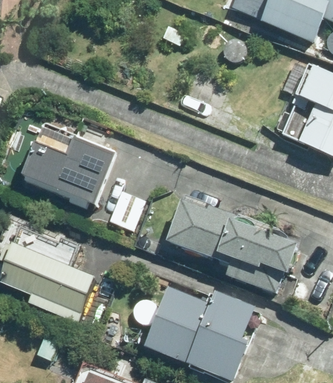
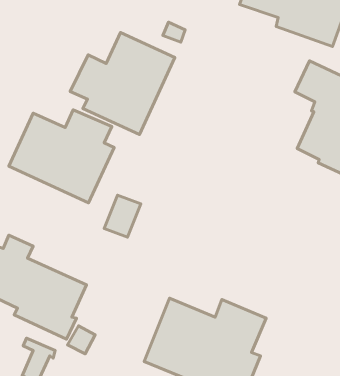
building: none -> [70,33,175,134]
building: [171,199,301,294] -> none

